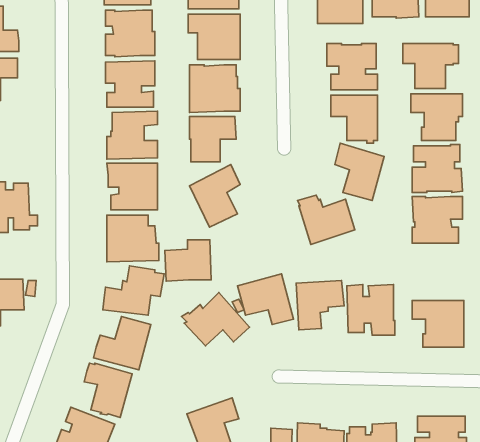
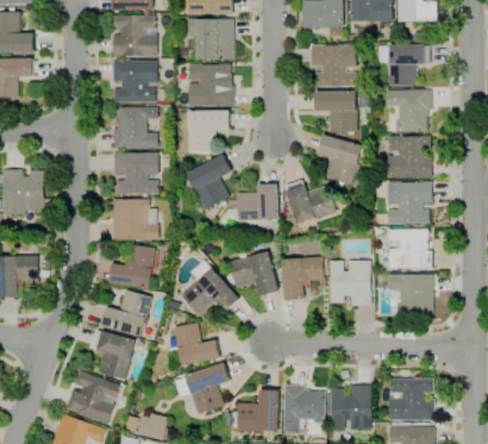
building: [165,240,211,281] -> [237,185,279,221]
building: none -> [388,230,432,269]
building: none -> [168,323,221,368]

